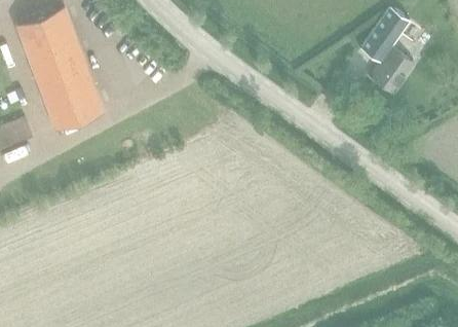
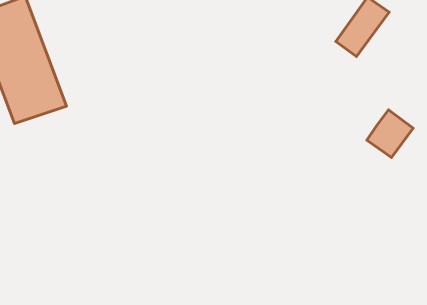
building: [369,47,413,93] -> [367,110,413,157]

